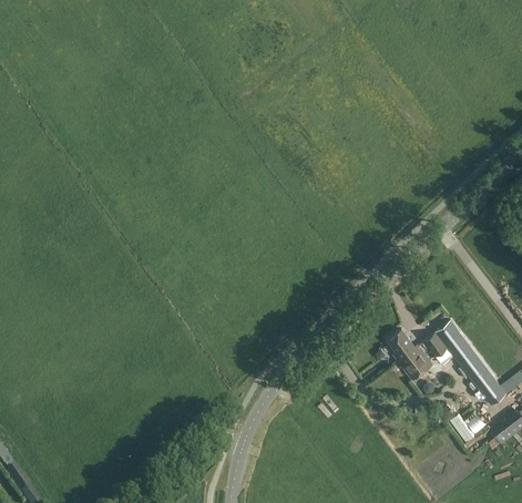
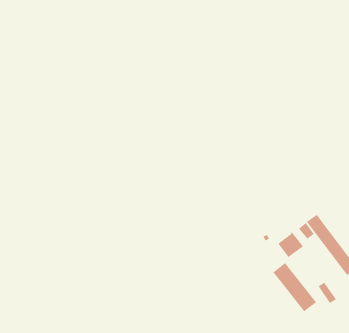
building: [387,328,416,360] -> none
building: none -> [273,262,317,312]

